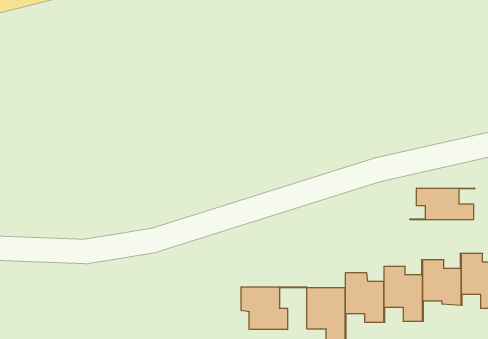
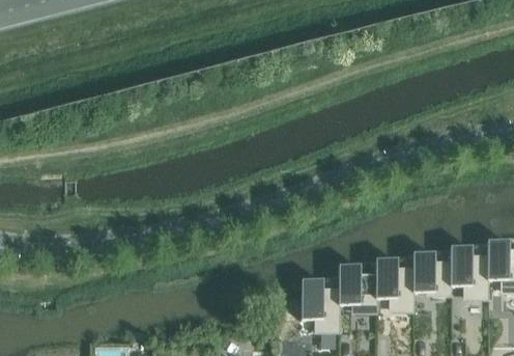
building: [410,188,475,220] -> none
building: [241,287,307,330] -> none

